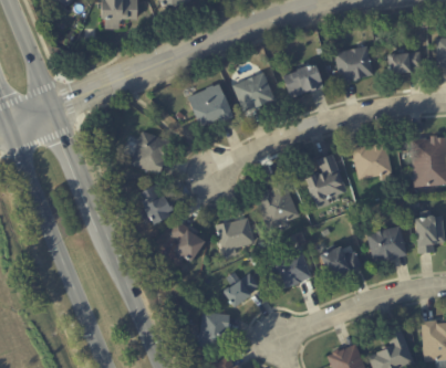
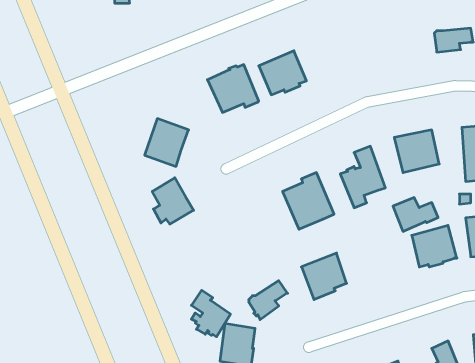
building: [334,45,373,80] -> none
building: [283,62,322,97] -> none
building: [217,219,256,257] -> none
building: [169,220,204,261] -> [191,290,230,337]
building: [321,246,361,276] -> [393,198,438,231]

